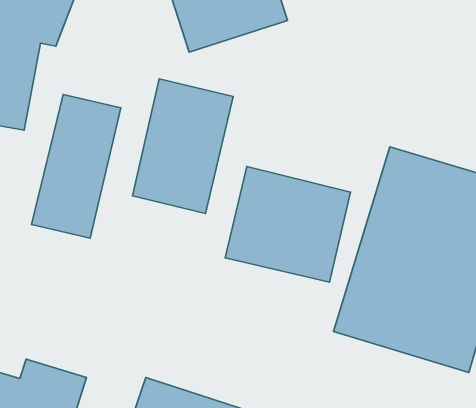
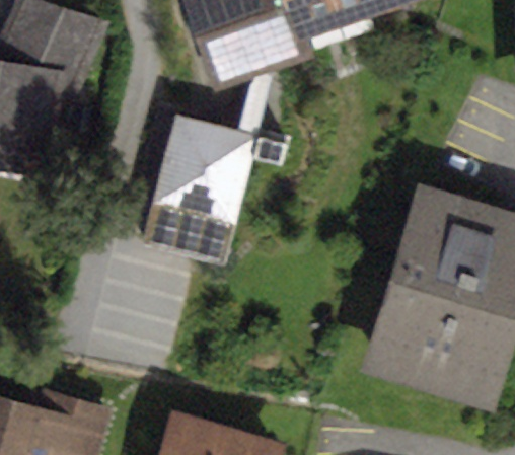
building: [32,94,121,238] -> none
building: [225,166,350,282] -> none

